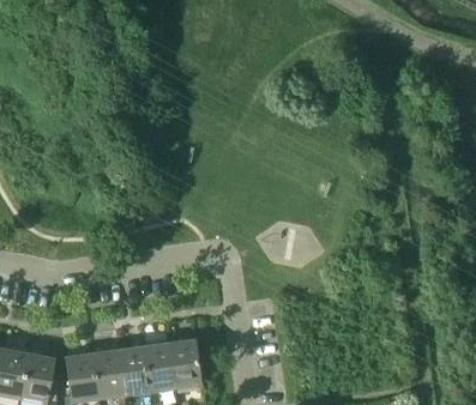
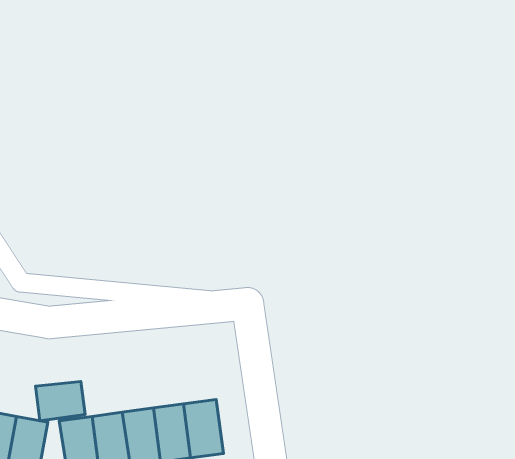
building: none -> [35,382,85,421]

